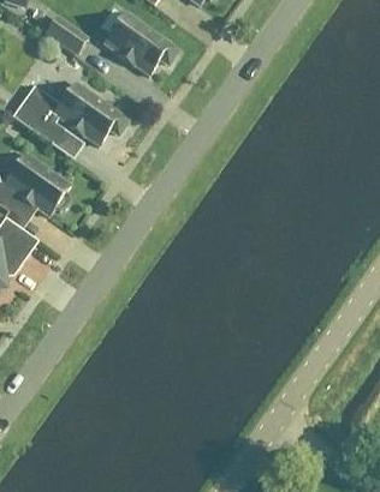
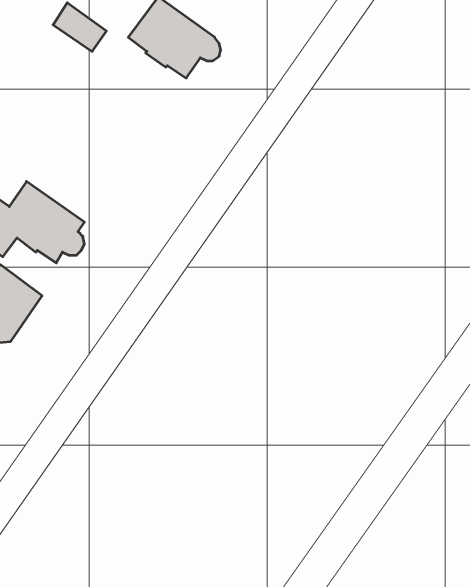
building: [11,82,124,144] -> none

